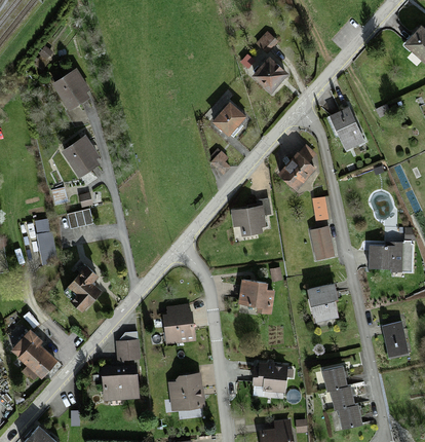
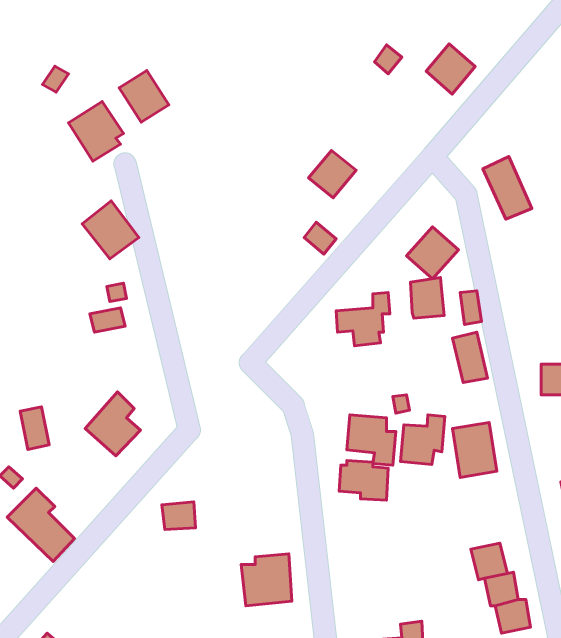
building: none -> [119,71,169,122]
building: [254,59,286,93] -> [426,44,475,94]
building: none -> [411,278,444,318]
building: [36,229,55,258] -> [20,407,49,449]
building: none -> [401,415,445,464]
building: [164,306,193,341] -> none
building: [254,363,286,390] -> [339,461,388,500]
building: [102,366,136,399] -> none

